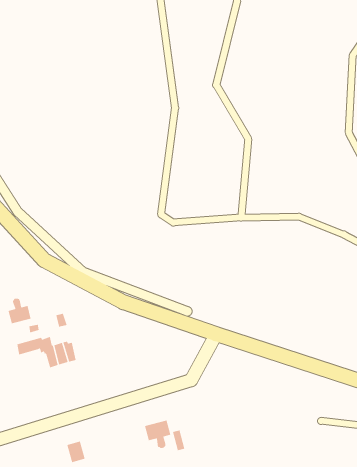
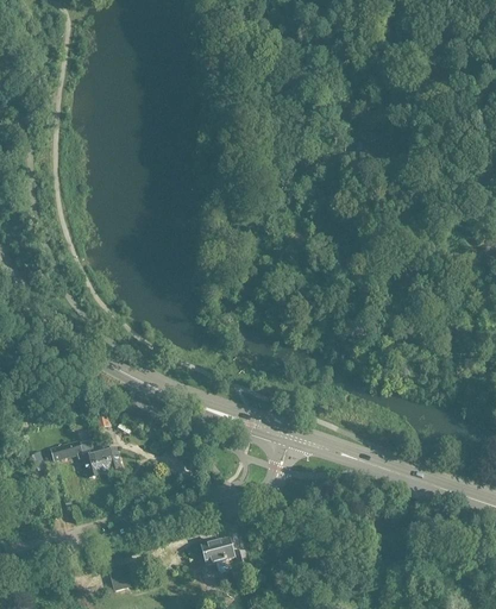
building: [8,298,31,324] -> none

